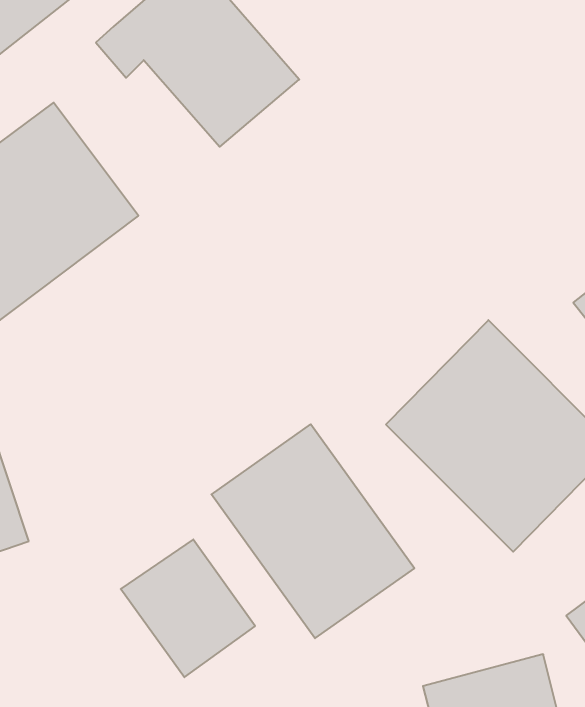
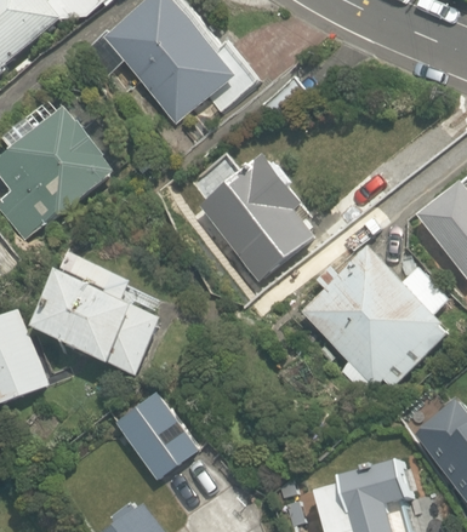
building: none -> [199,159,314,276]
building: none -> [34,251,167,371]
building: [211,424,414,638] -> none

